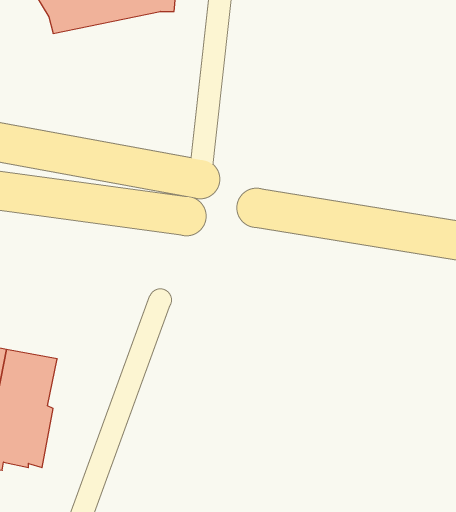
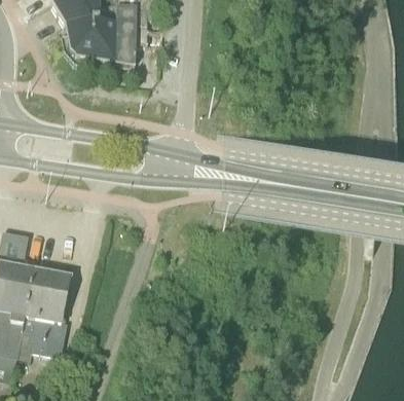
building: none -> [60,16,147,64]

